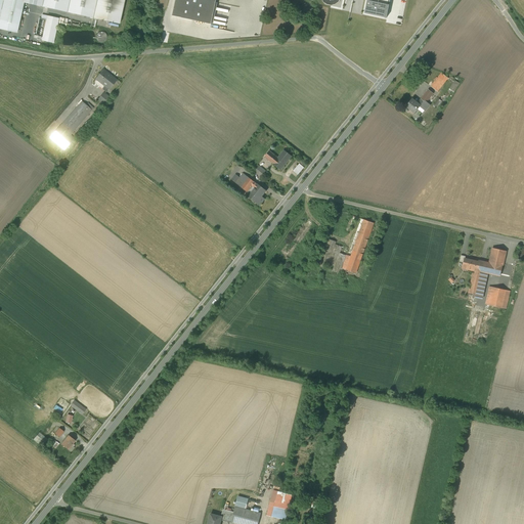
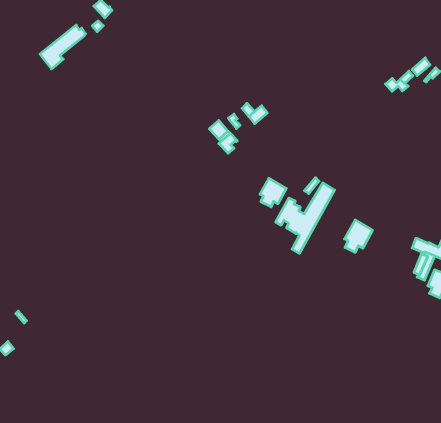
building: none -> [260,178,286,207]
building: none -> [344,220,372,252]

